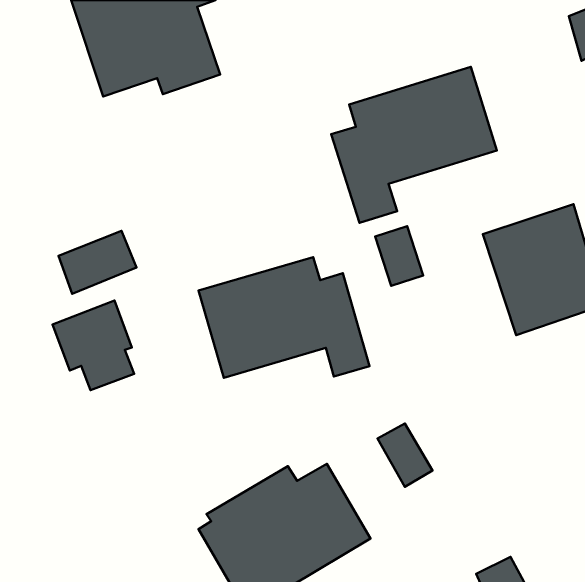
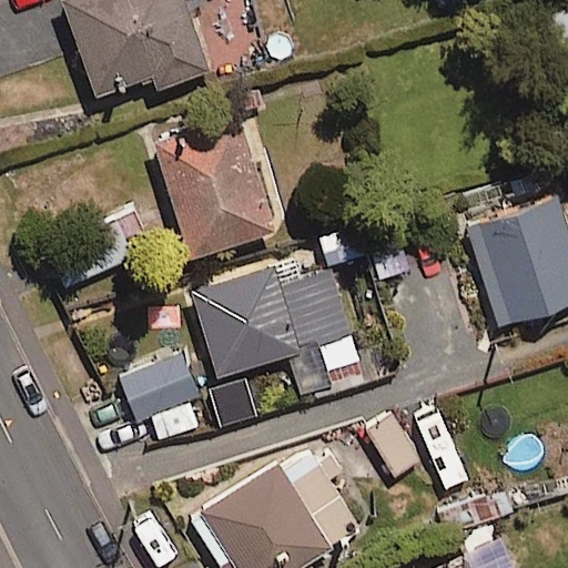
building: [331,67,497,223] -> none
building: none -> [150,116,277,263]
building: [53,300,134,390] -> [122,357,201,444]

